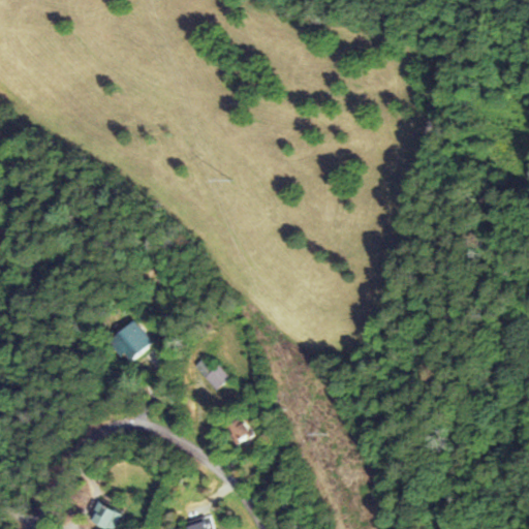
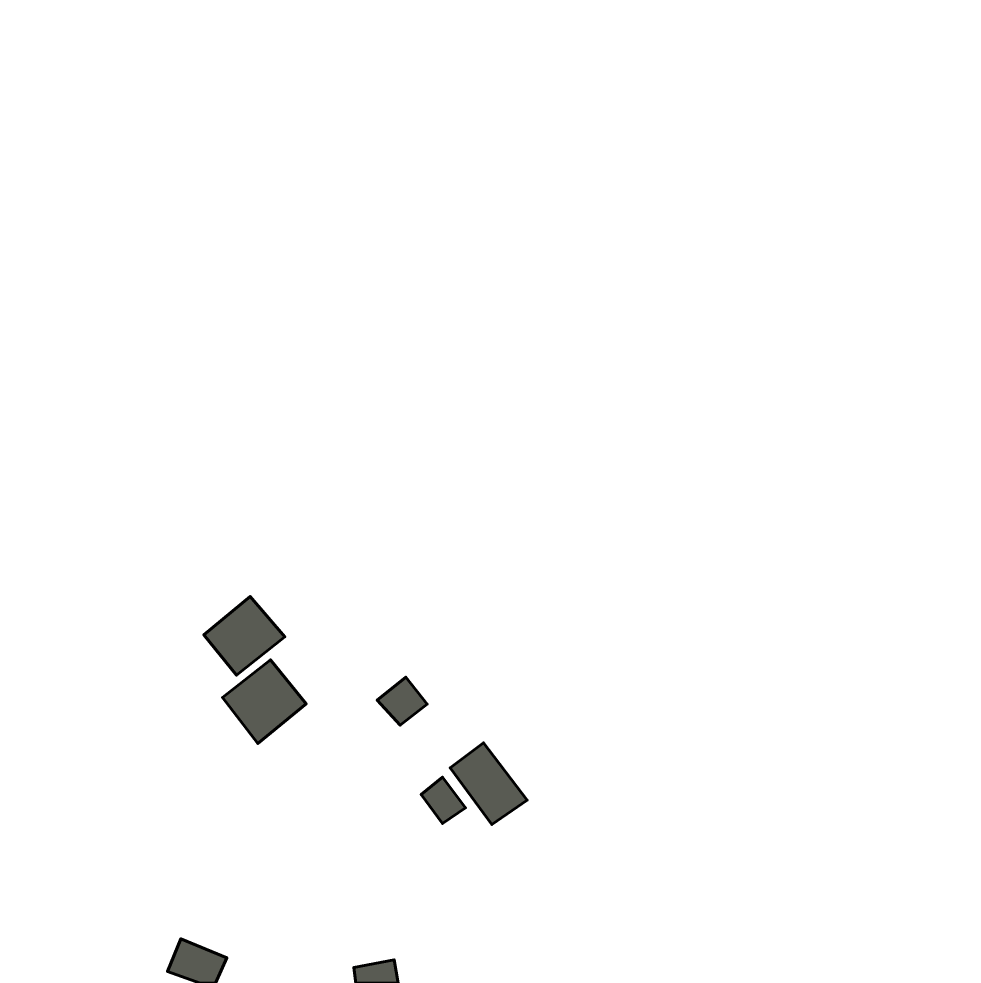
building: none -> [222,660,306,744]
building: none -> [450,743,527,825]

